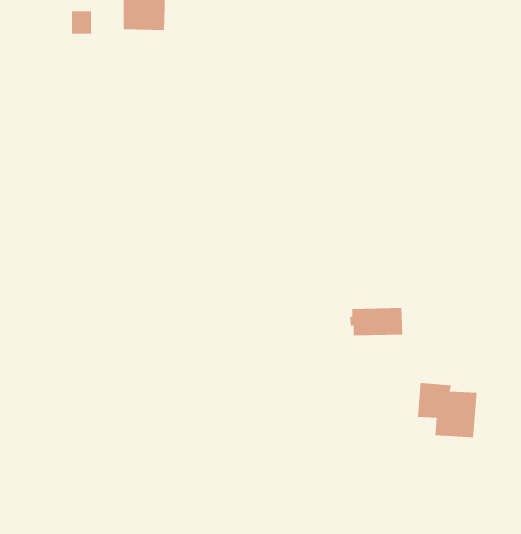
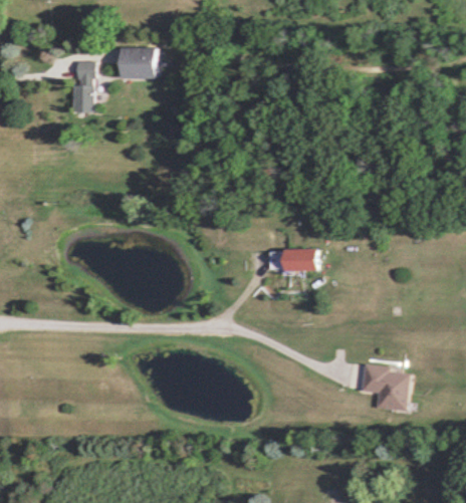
building: none -> [73,84,93,111]
building: [349,308,403,336] -> [270,248,314,271]

